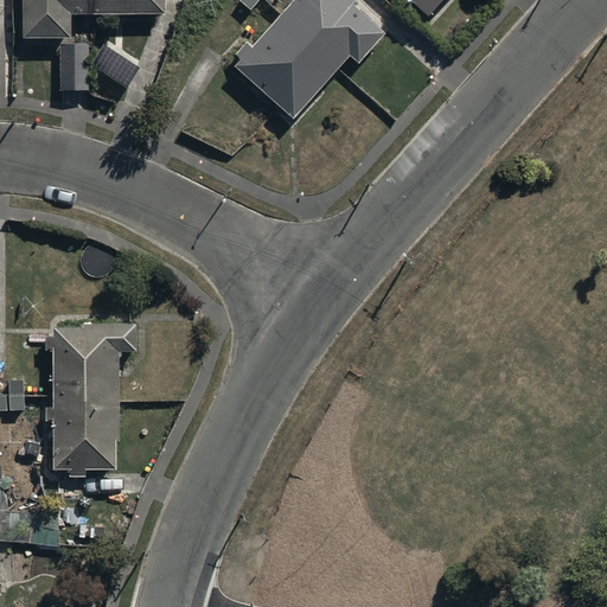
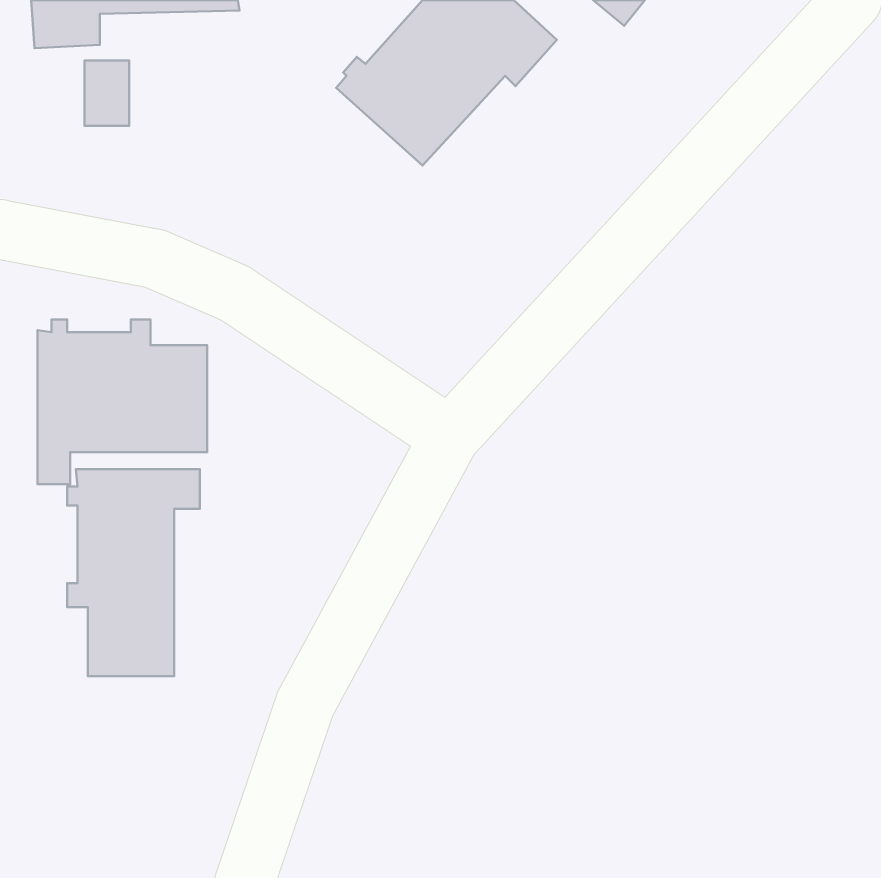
building: none -> [37,319,207,484]

